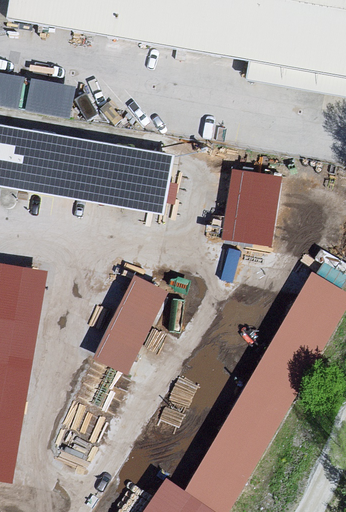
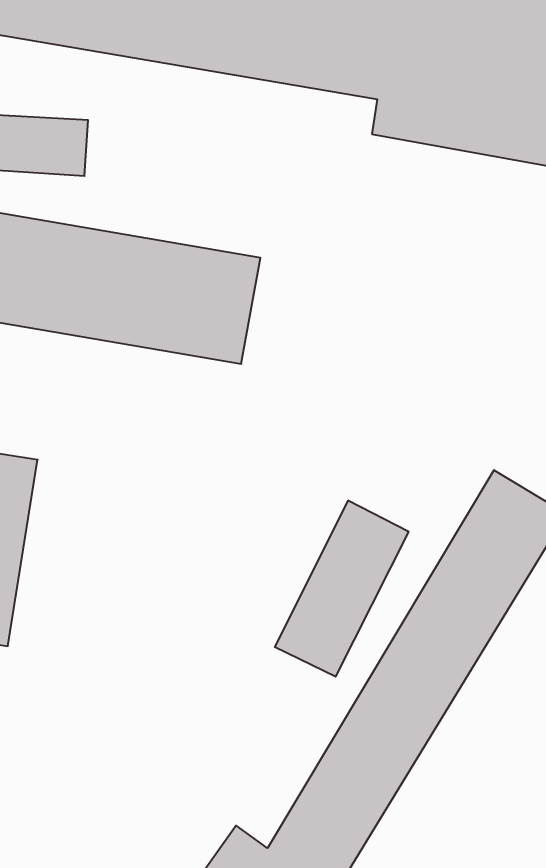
building: [222,168,283,244] -> none
building: [93,274,170,375] -> [275,501,409,677]

